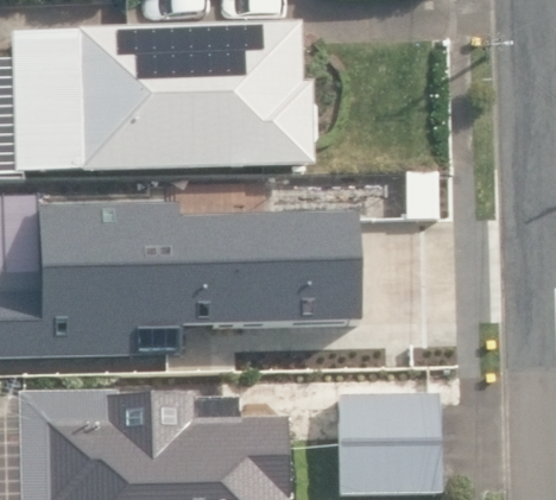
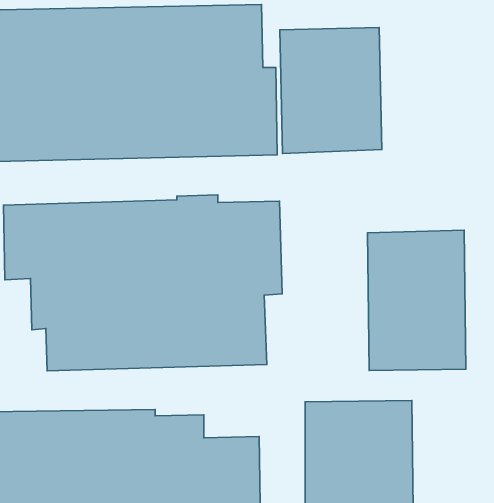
building: none -> [280,28,382,153]
building: none -> [367,230,466,370]

